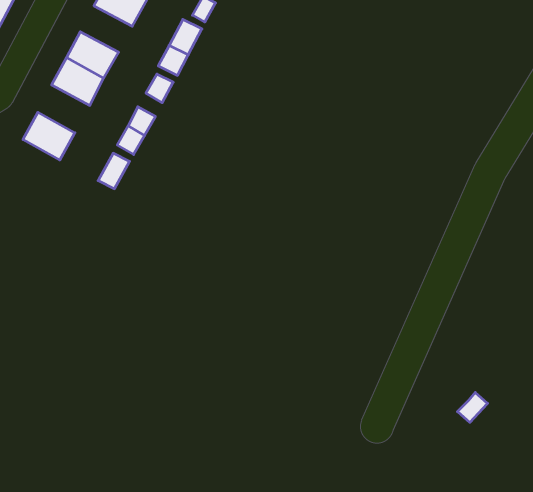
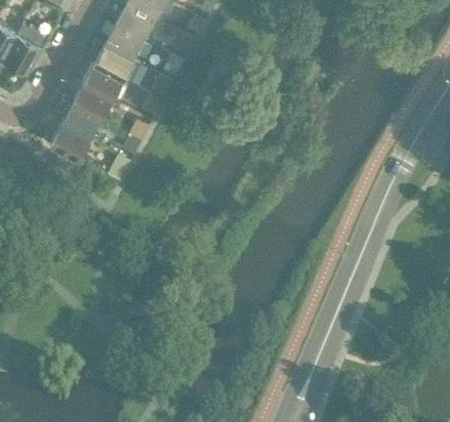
building: none -> [94,46,147,88]
building: none -> [63,106,101,141]

